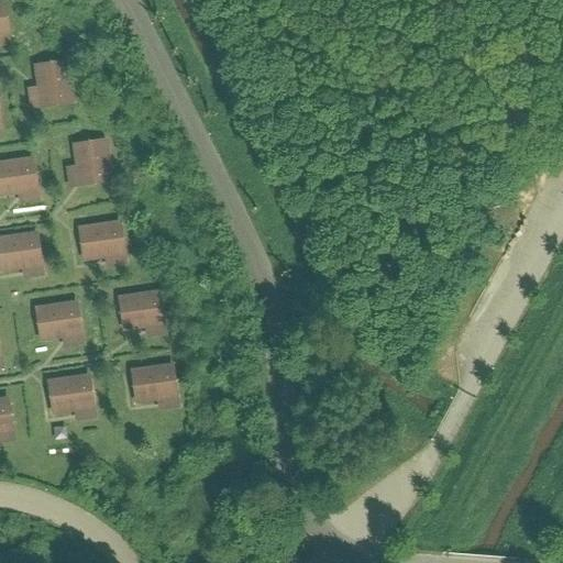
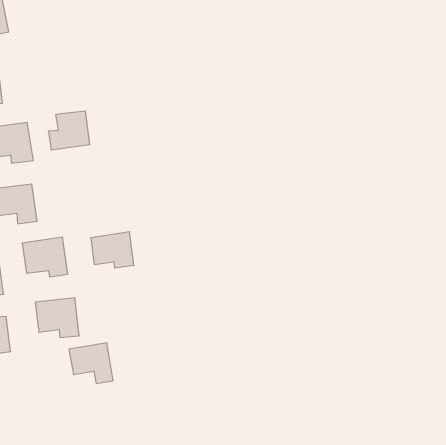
building: [21,57,76,108] -> none
building: [74,220,128,268] -> none
building: [125,361,180,411] -> [69,343,113,383]

